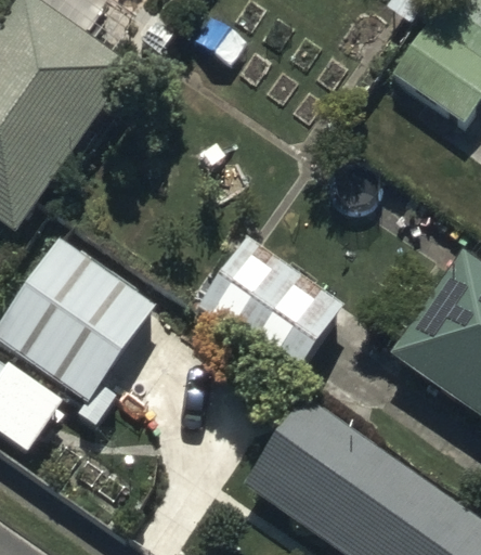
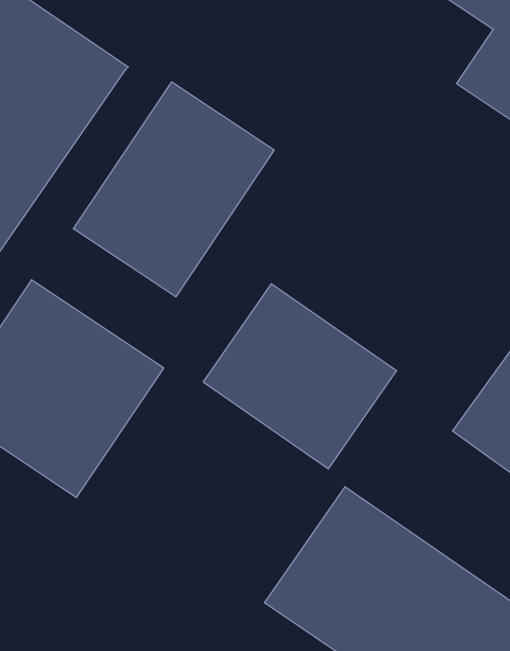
building: none -> [73,82,274,297]

